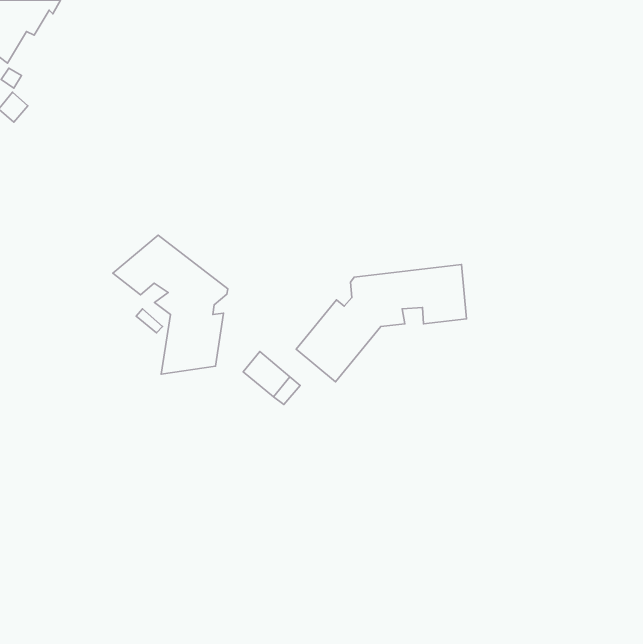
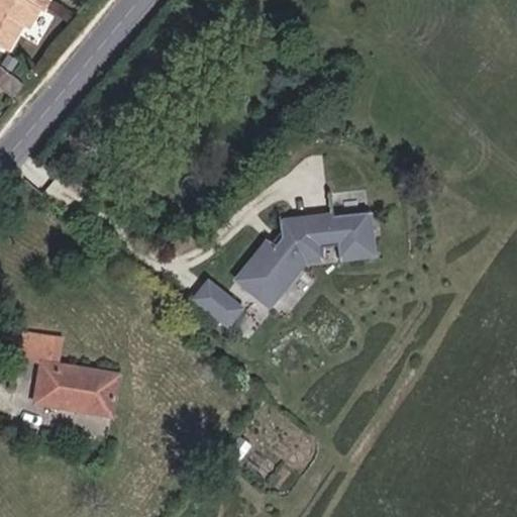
building: [113,235,228,374] -> none
building: none -> [18,333,118,416]

